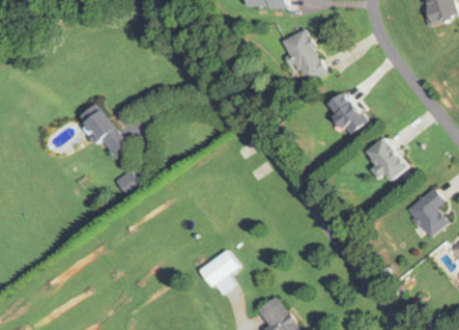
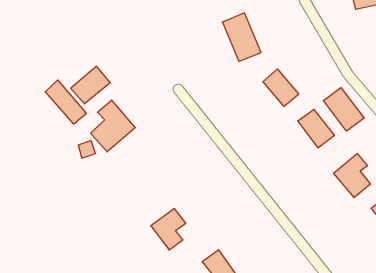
building: none -> [71,66,110,104]
building: none -> [323,88,364,131]
building: none -> [91,100,135,152]

